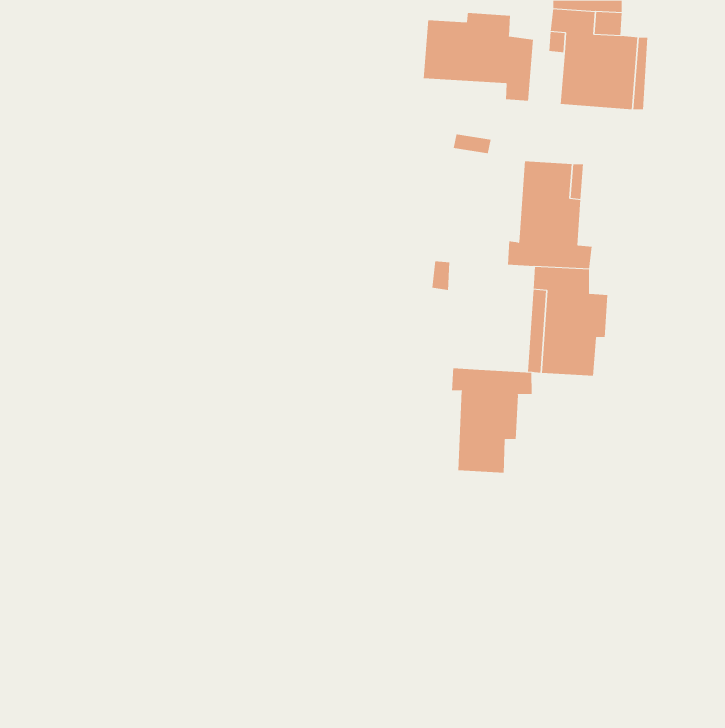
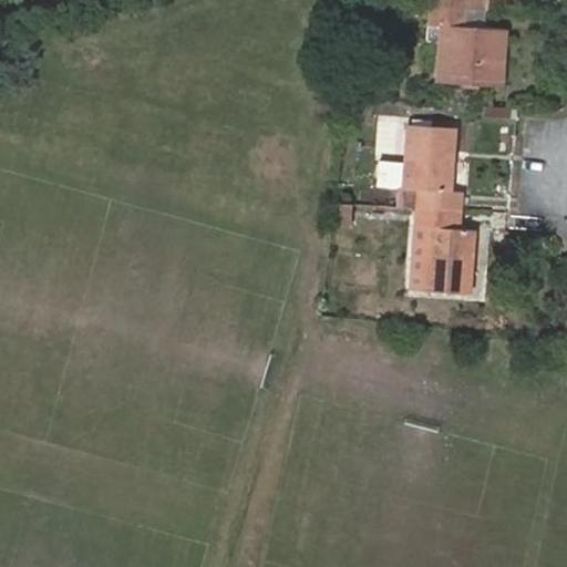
building: [423,12,533,102] -> none
building: [452,367,532,473] -> none

